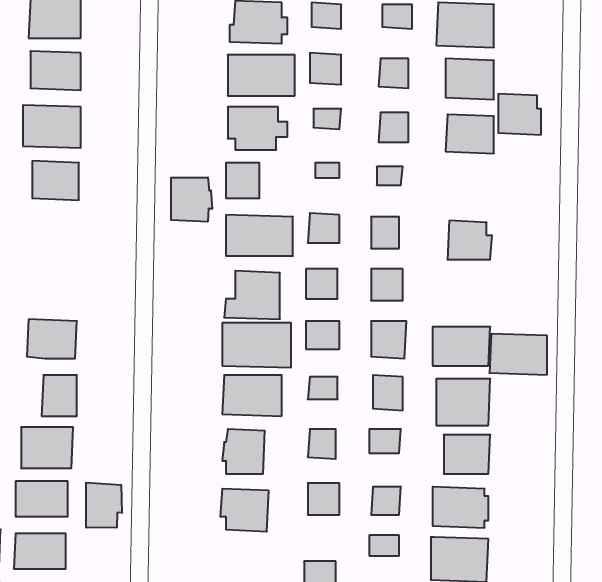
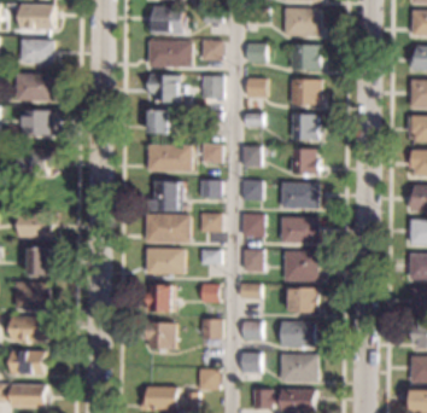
building: [498,94,541,135] -> [292,114,320,140]
building: [171,177,212,222] -> none
building: none -> [18,150,52,176]
building: [489,334,547,375] -> [281,182,318,209]
building: [86,483,122,528] -> none

